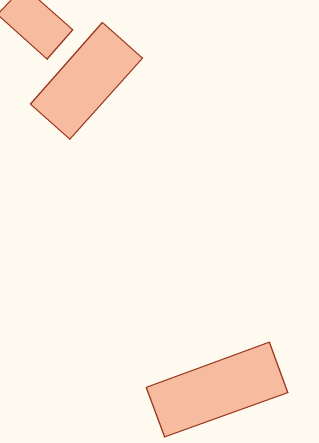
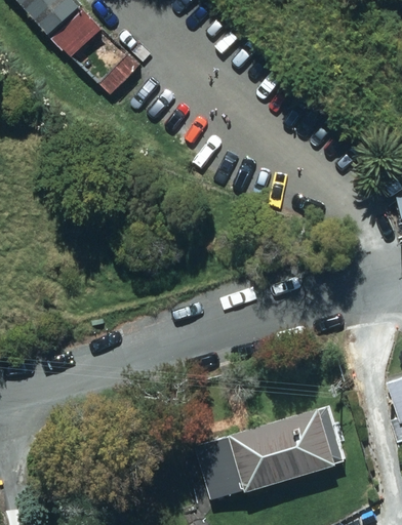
building: [31,23,143,139] -> none

